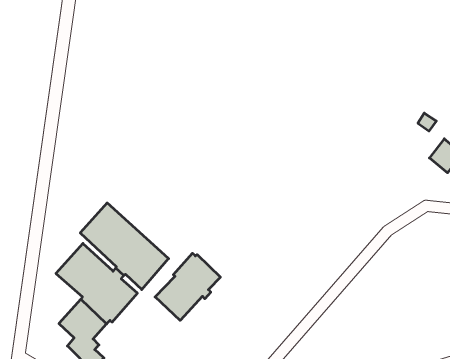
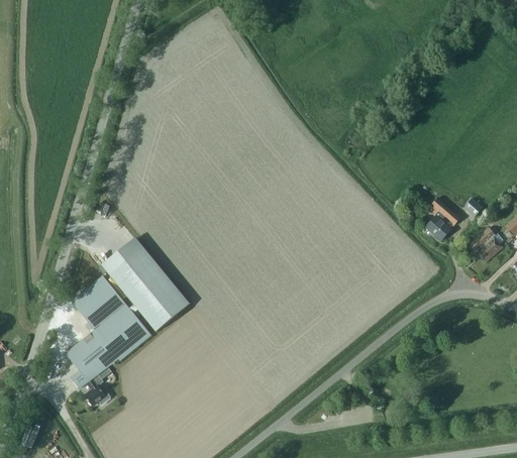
building: none -> [425,197,460,240]
building: [155,253,220,320] -> none

